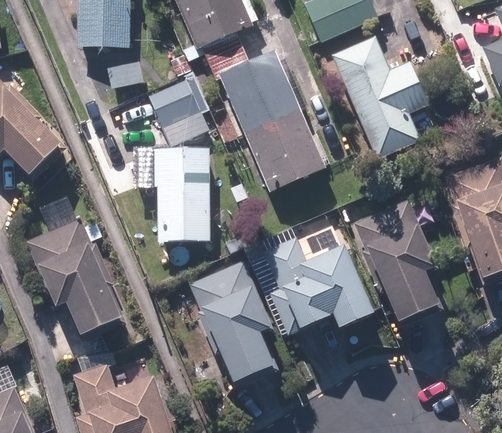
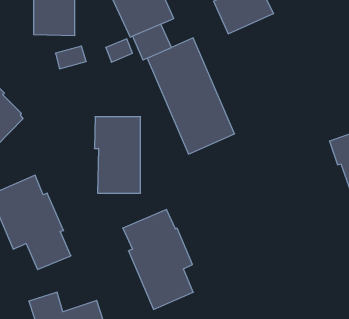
building: [332,37,429,158] -> none
building: [148,78,202,123] -> none
building: [359,205,440,319] -> none
building: [262,230,375,334] -> none

